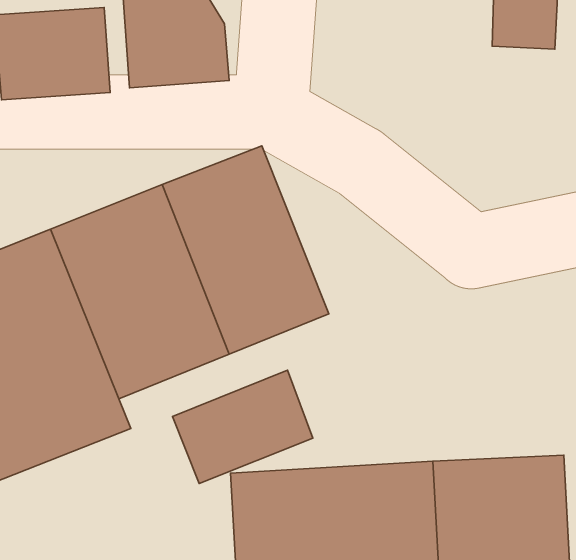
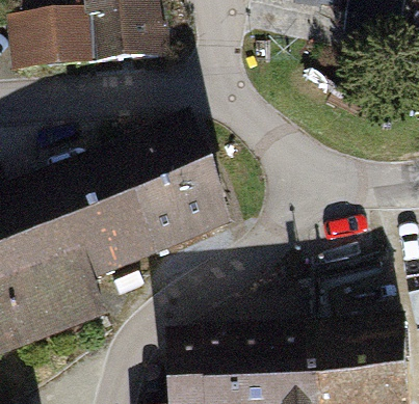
building: [172,370,313,484] -> none

